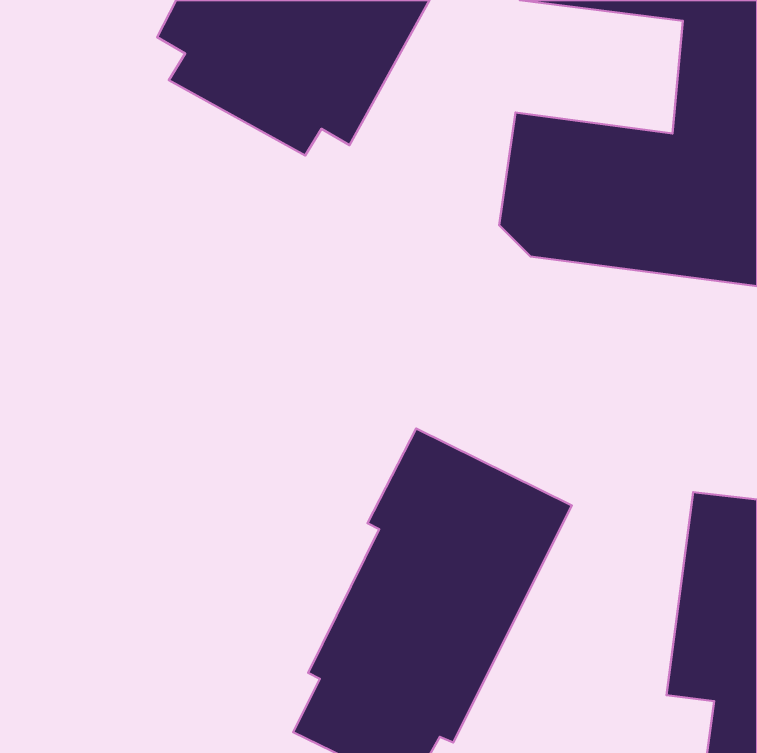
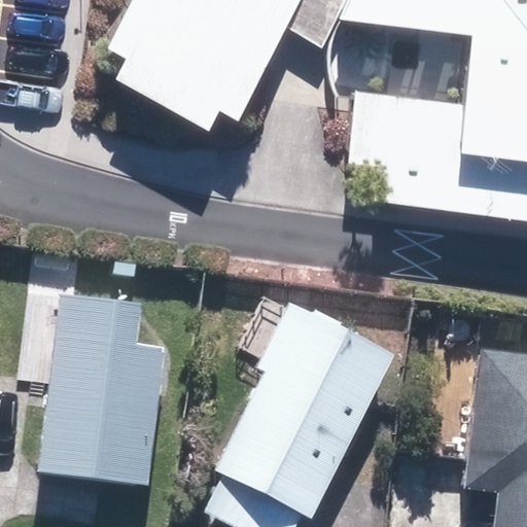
building: none -> [22,291,174,486]

